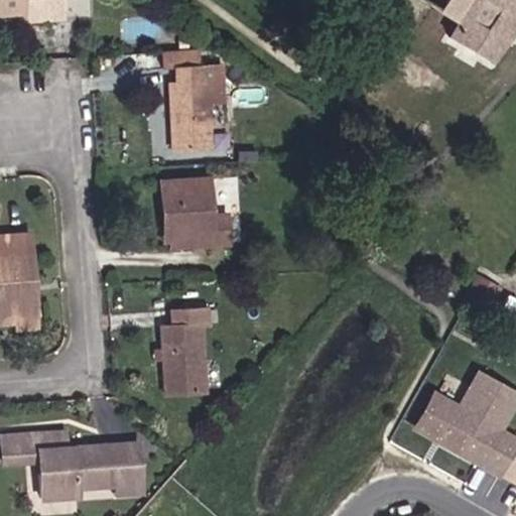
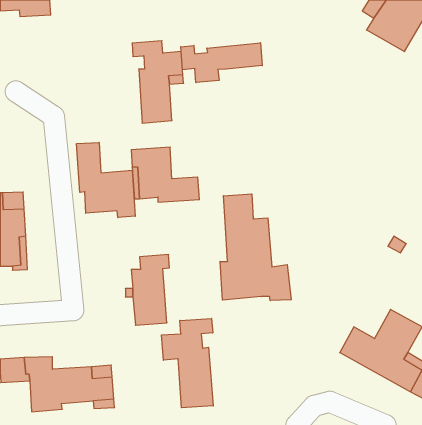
building: none -> [181,43,262,83]
building: none -> [77,142,135,218]
building: none -> [220,194,291,301]
building: none -> [162,318,213,408]

